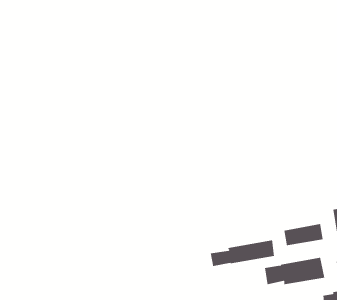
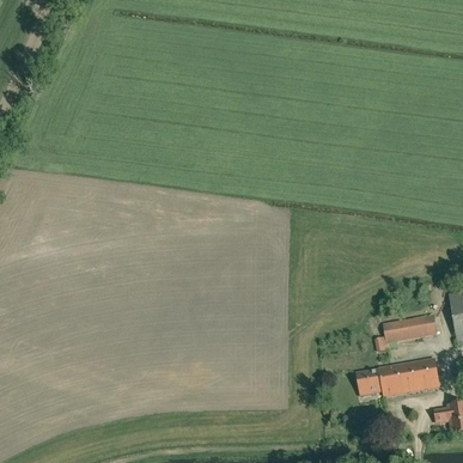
building: [210,239,275,267] -> none

